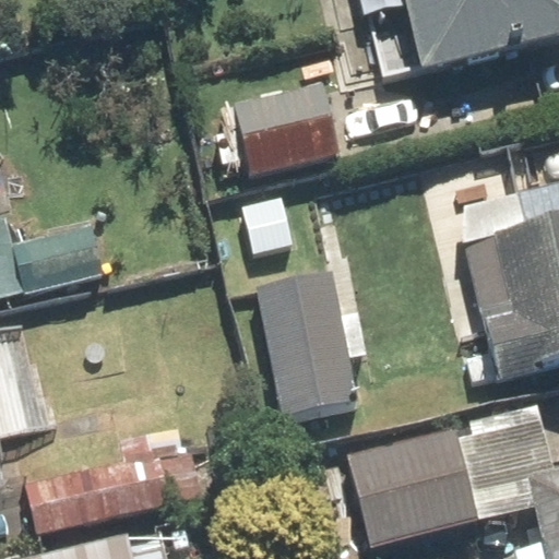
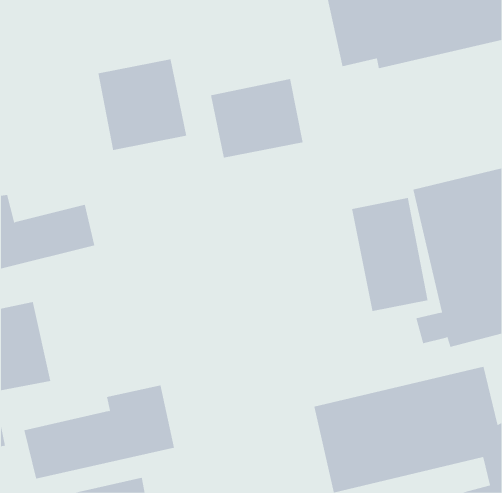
building: none -> [98,58,187,151]
building: none -> [351,197,428,312]
building: [257,275,371,421] -> none

